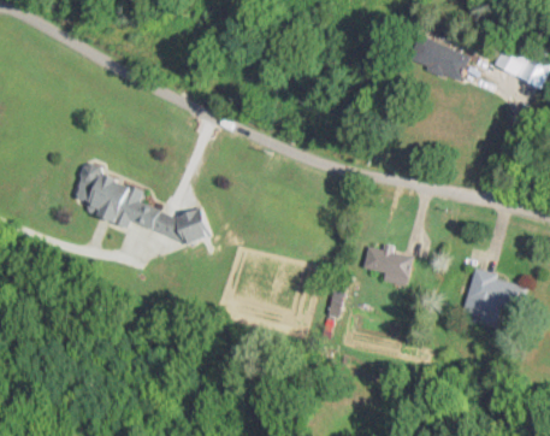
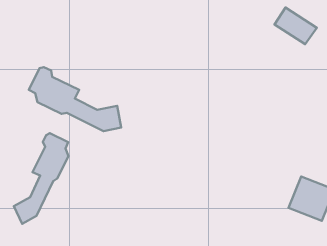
building: [362,246,413,281] -> none
building: none -> [14,133,68,224]

